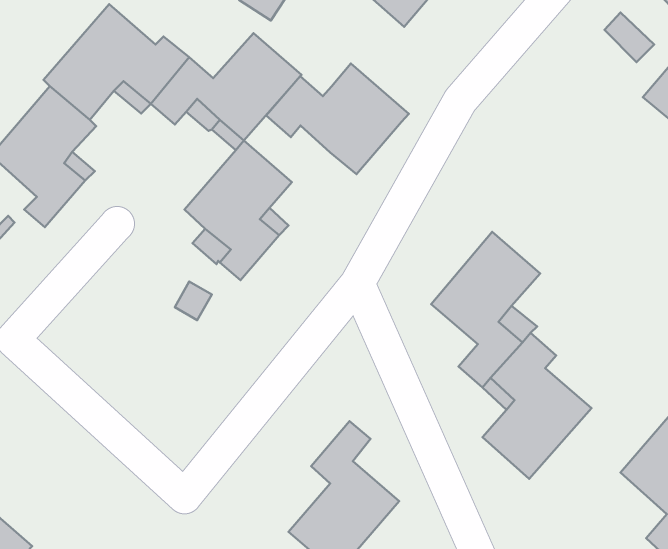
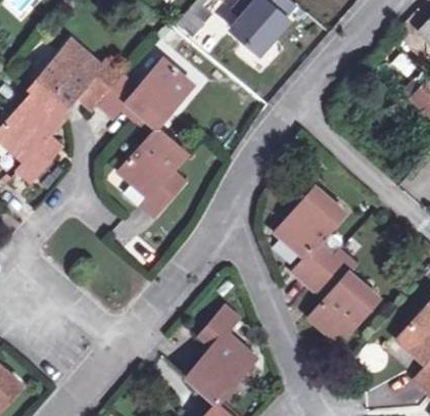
building: [266,64,409,174] -> none

